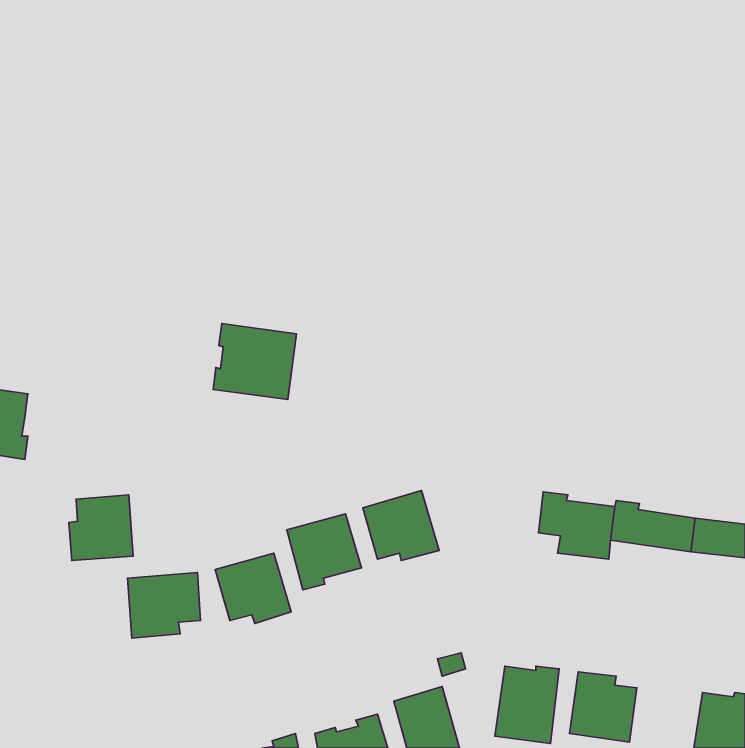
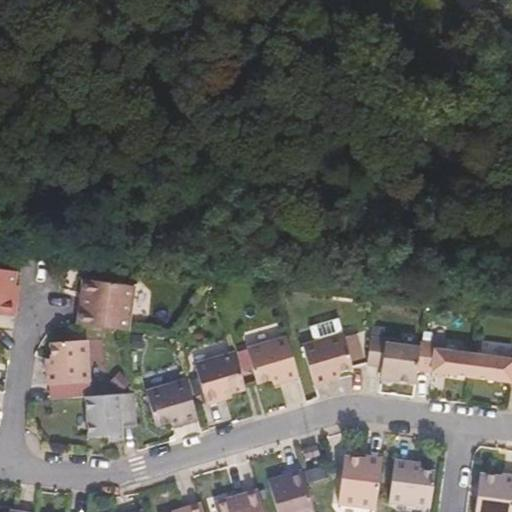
building: [213,323,296,400] -> [79,277,136,329]
building: none -> [303,332,353,385]

